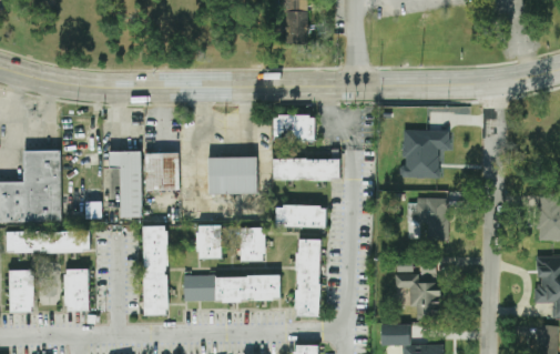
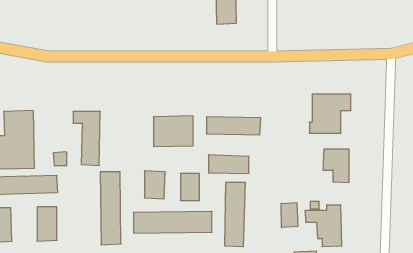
building: [272,114,314,140] -> none
building: [145,152,179,190] -> none
building: none -> [281,203,298,228]

